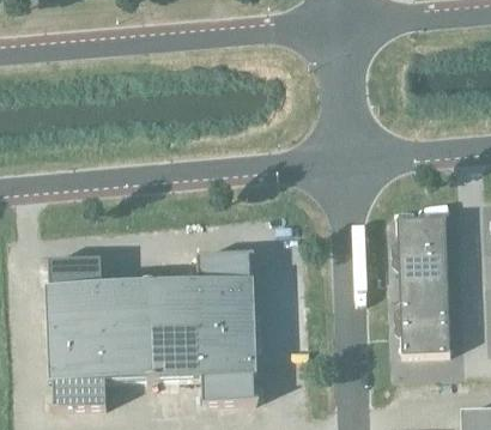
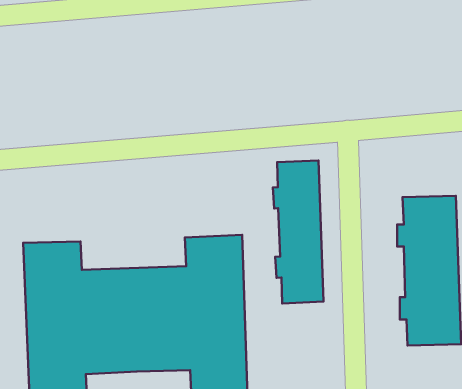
building: none -> [273,160,323,303]

